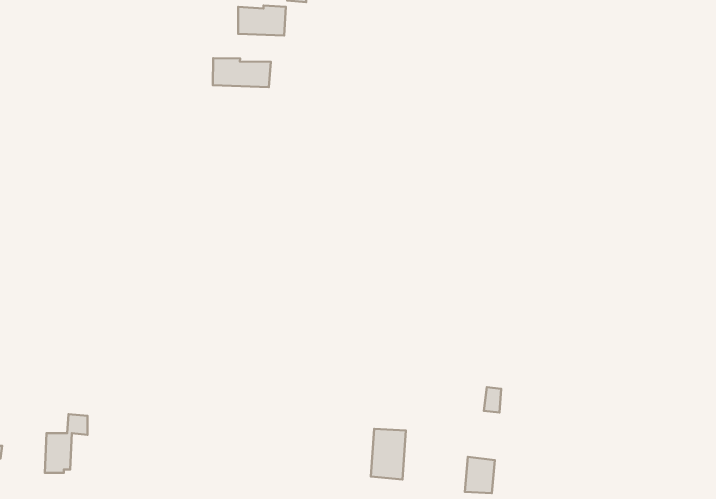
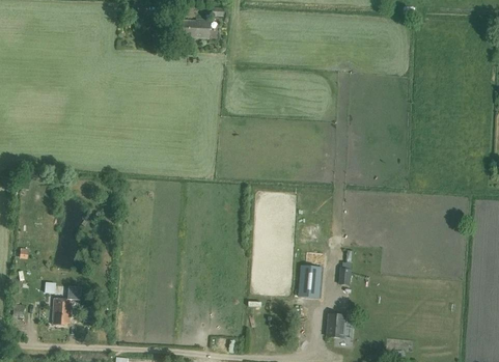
building: [213,58,271,87] -> none
building: [371,429,406,480] -> [299,264,322,298]

